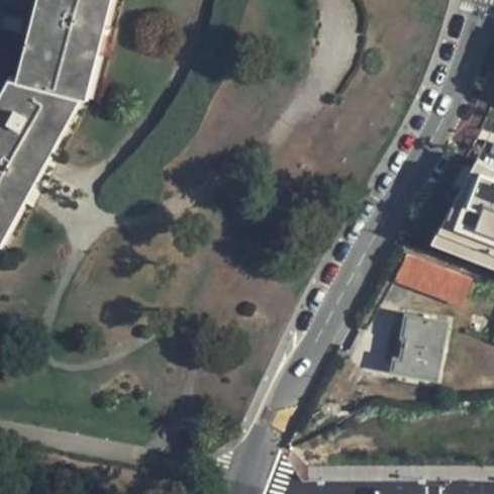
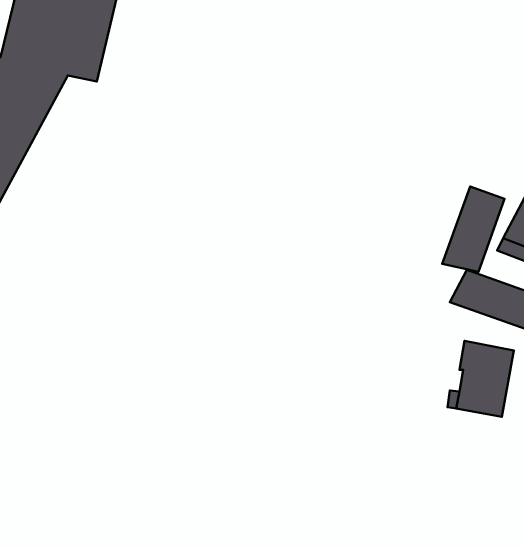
building: none -> [442,187,505,272]

